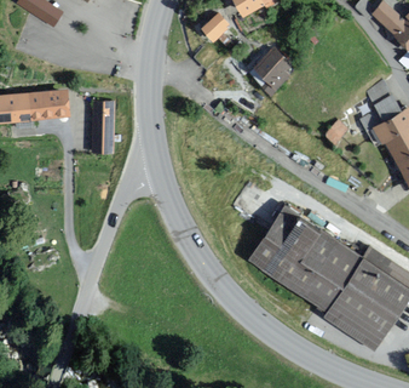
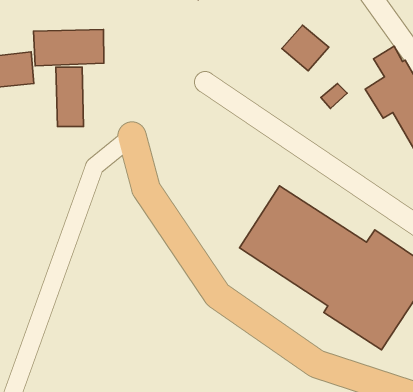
building: [248,51,289,91] -> [282,25,329,71]
building: none -> [34,29,104,66]

